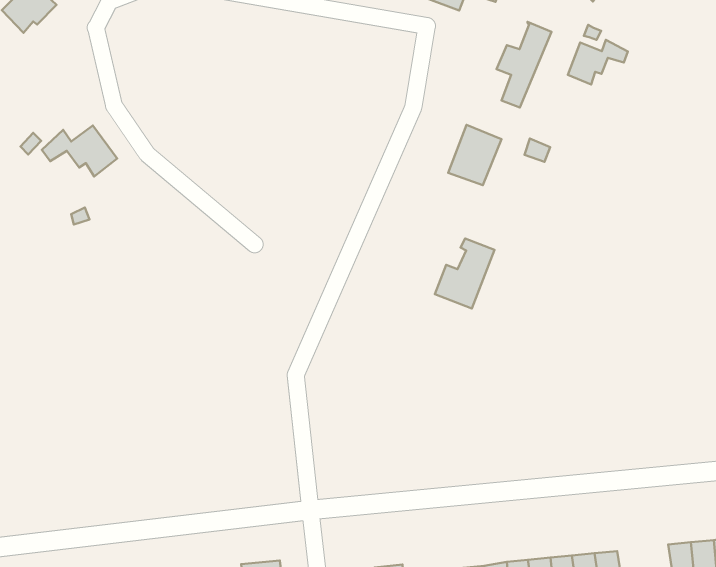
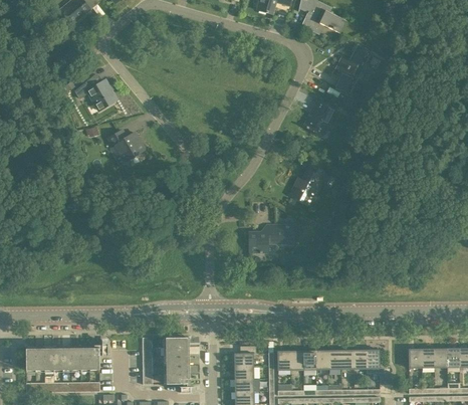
building: [568,40,628,85] -> none
building: none -> [107,132,146,159]
building: none -> [249,225,293,252]

